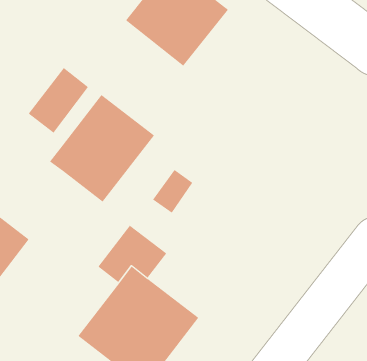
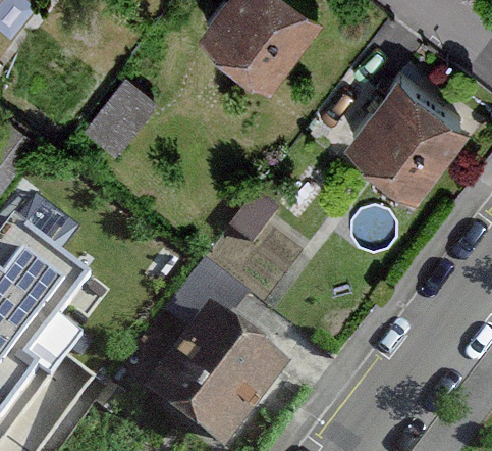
building: none -> [345,74,464,193]
building: [49,94,155,203] -> none

